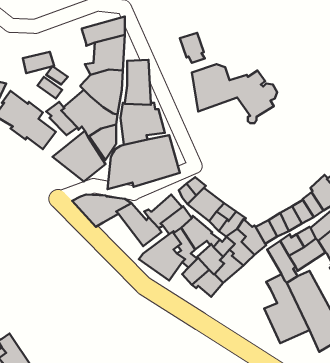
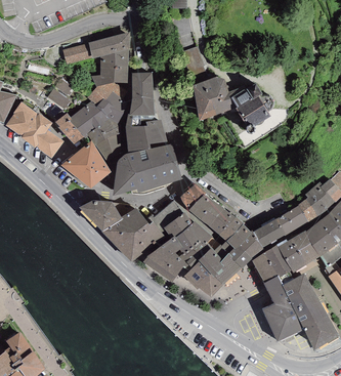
building: [23,52,54,73] -> [62,44,92,65]
building: none -> [100,219,146,262]
building: none -> [252,253,278,284]

